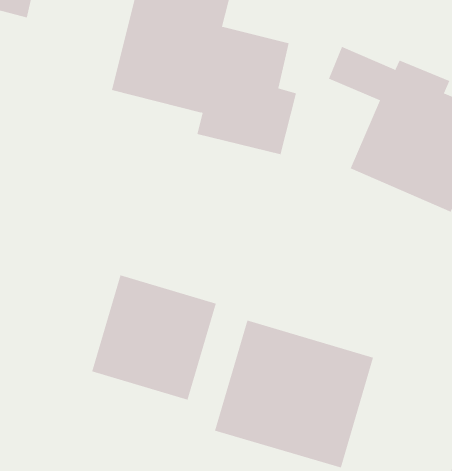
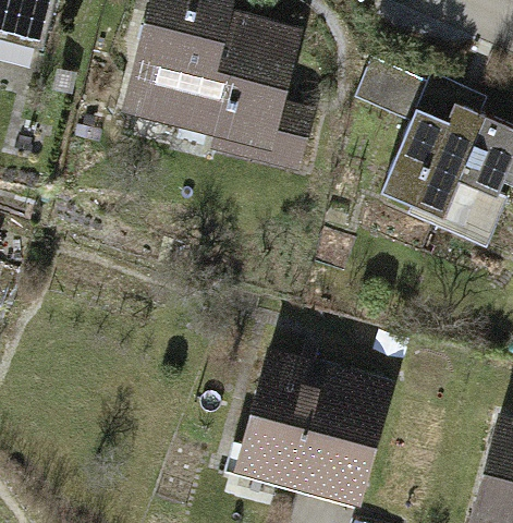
building: [91,275,216,401] -> none

